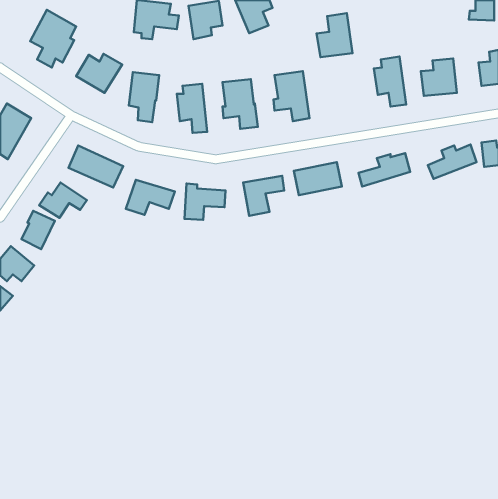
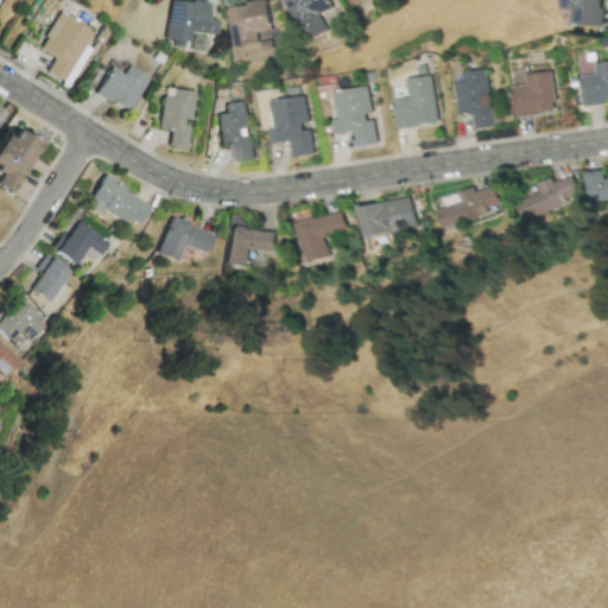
building: [317,13,353,57] -> [395,75,439,128]

